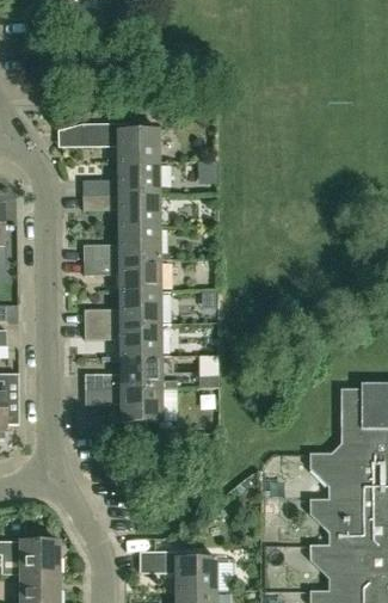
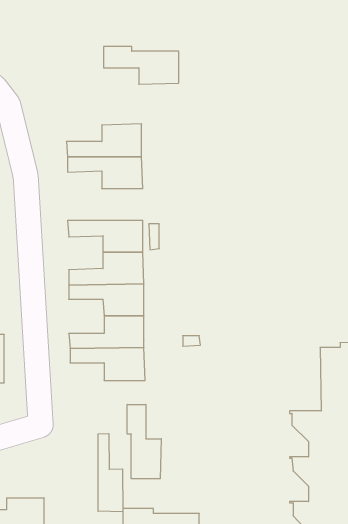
building: [82,124,159,162] -> [104,47,179,84]
building: [84,227,160,259] -> none
building: none -> [127,404,161,479]
building: none -> [98,434,123,512]

